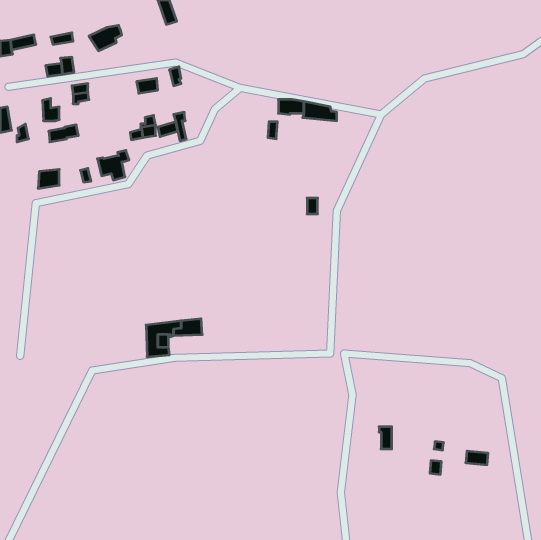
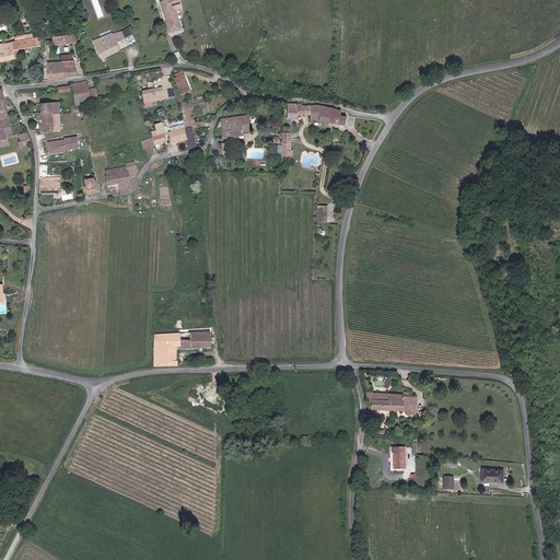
building: none -> [222,117,250,139]
building: none -> [364,394,410,410]

